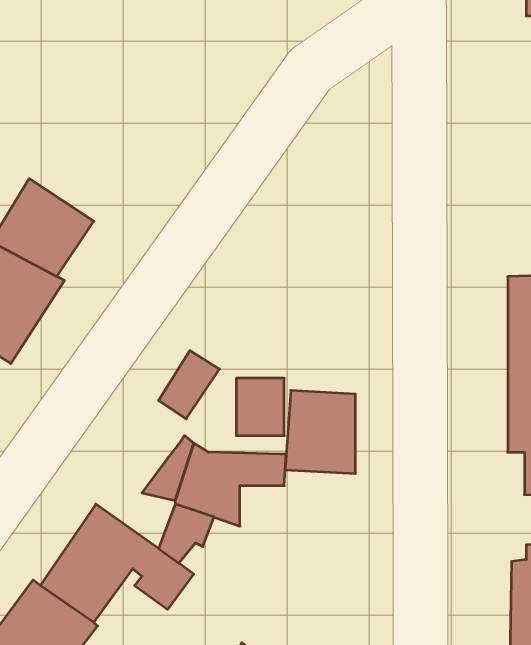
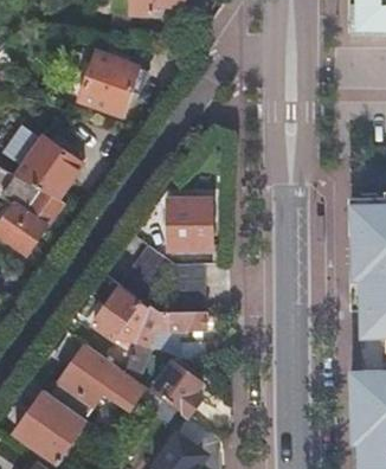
building: none -> [77,52,147,115]
building: [285,390,355,474] -> [165,198,210,251]
building: none -> [91,288,139,339]
building: none -> [153,362,201,415]

